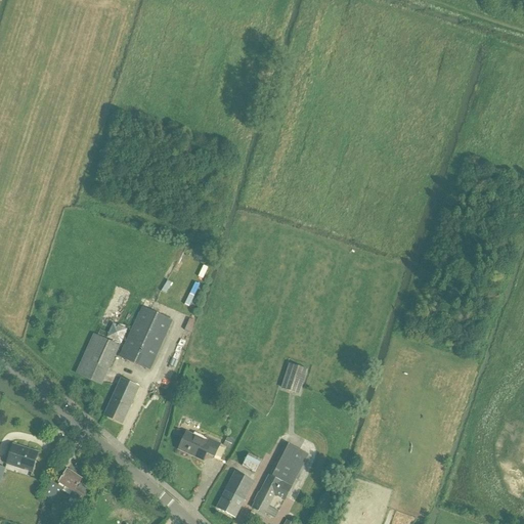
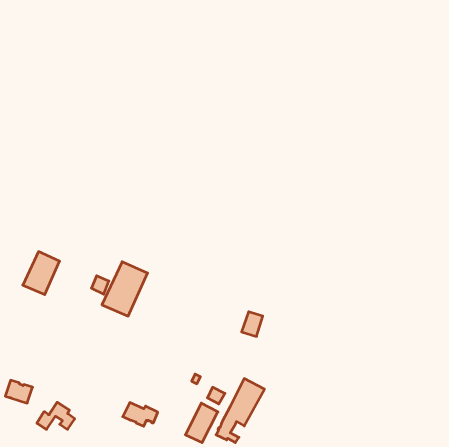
building: [76,333,119,383] -> [23,252,60,295]
building: [103,377,139,423] -> none
building: [178,431,219,458] -> [123,403,158,426]

